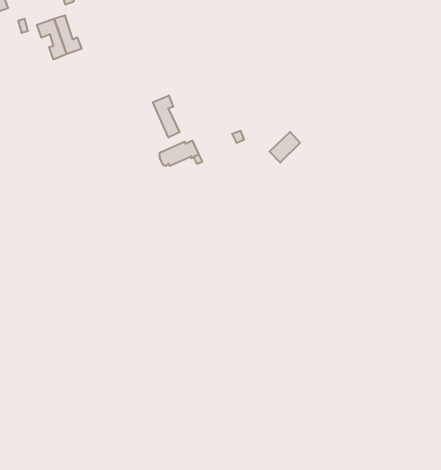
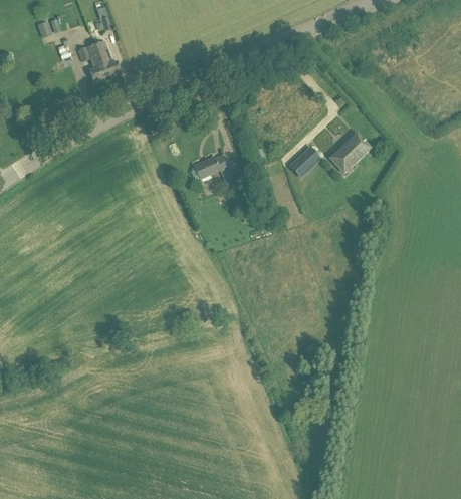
building: [153,95,179,138] -> none
building: none -> [329,134,369,172]

